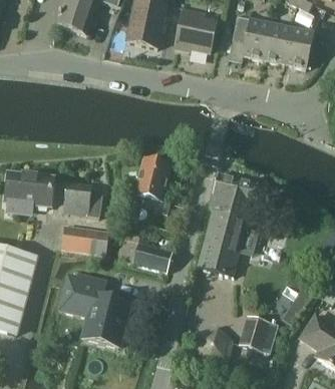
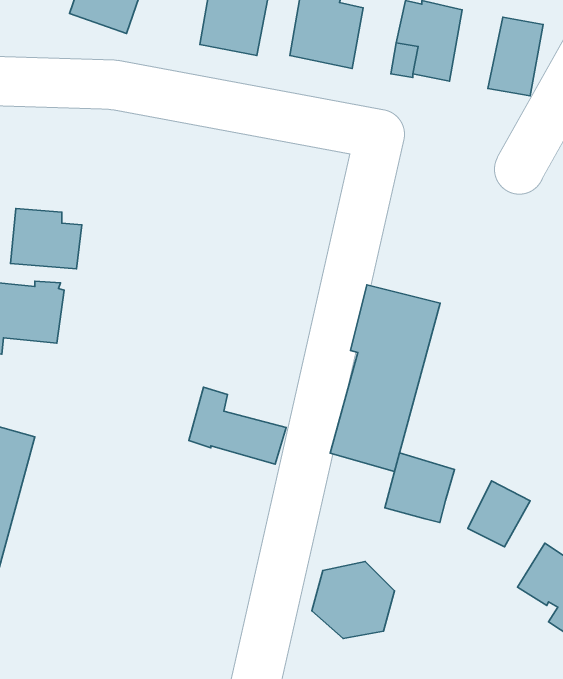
building: [263,22,292,65] -> none
building: [134,156,171,213] -> none
building: [62,181,101,215] -> [10,208,82,269]
building: [62,226,108,252] -> none
building: [57,272,132,347] -> none
building: [240,314,278,352] -> [385,453,455,523]

